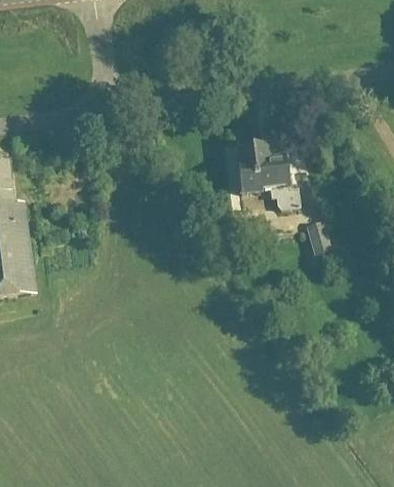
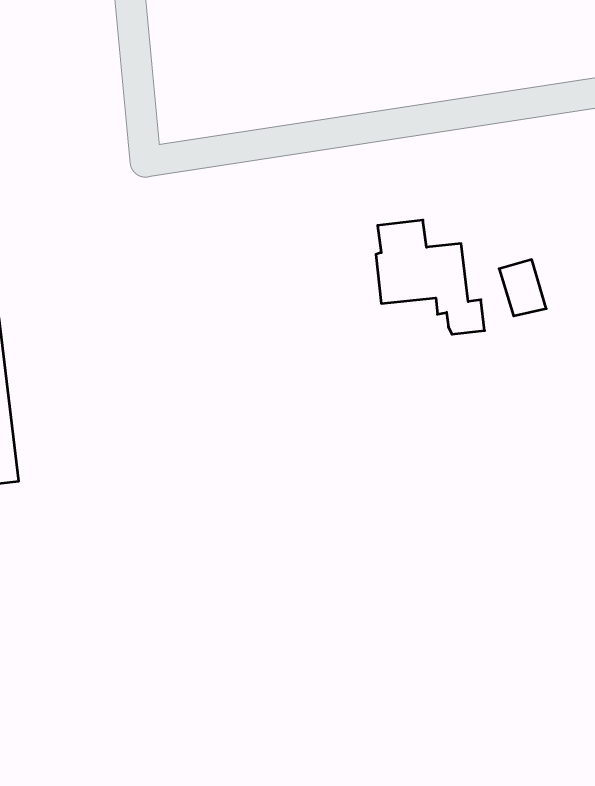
building: [305,221,331,253] -> [499,260,546,316]

